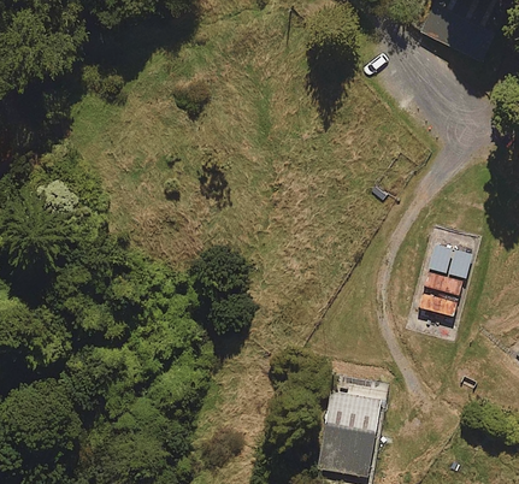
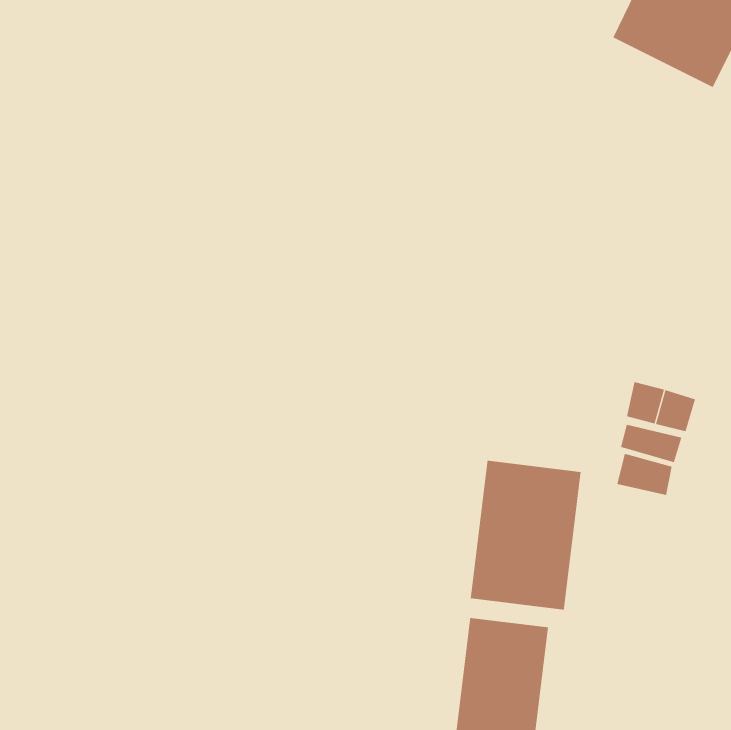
building: none -> [470,460,581,610]

